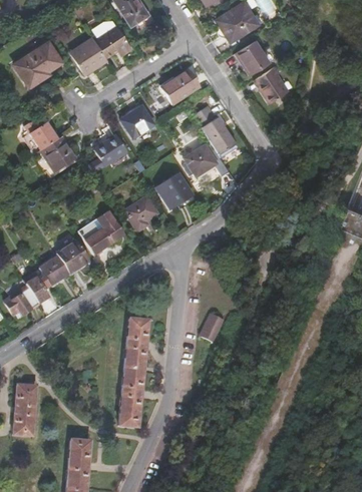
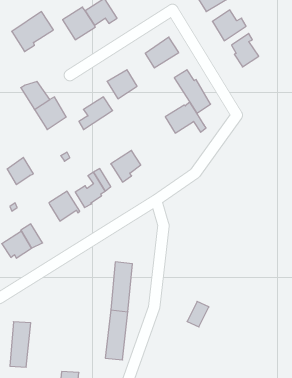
building: [156,173,193,208] -> none
building: [39,256,68,286] -> [7,157,33,185]
building: [200,314,224,342] -> [187,301,209,327]

